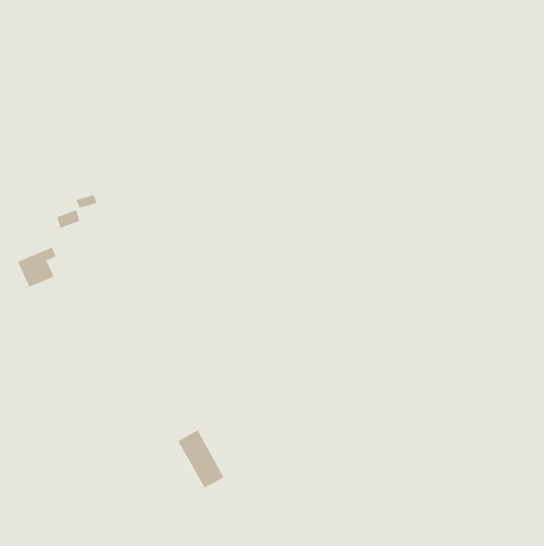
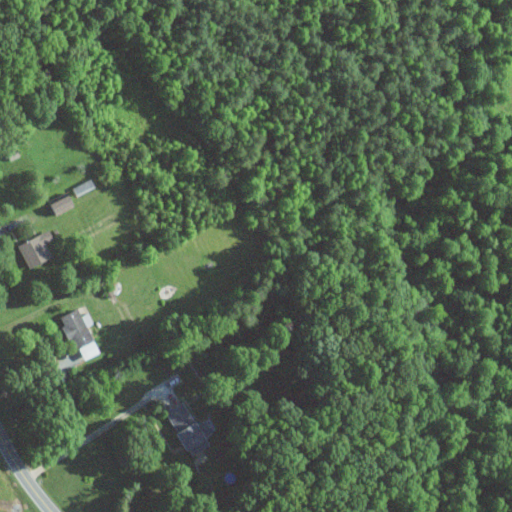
building: none -> [60,309,100,362]

